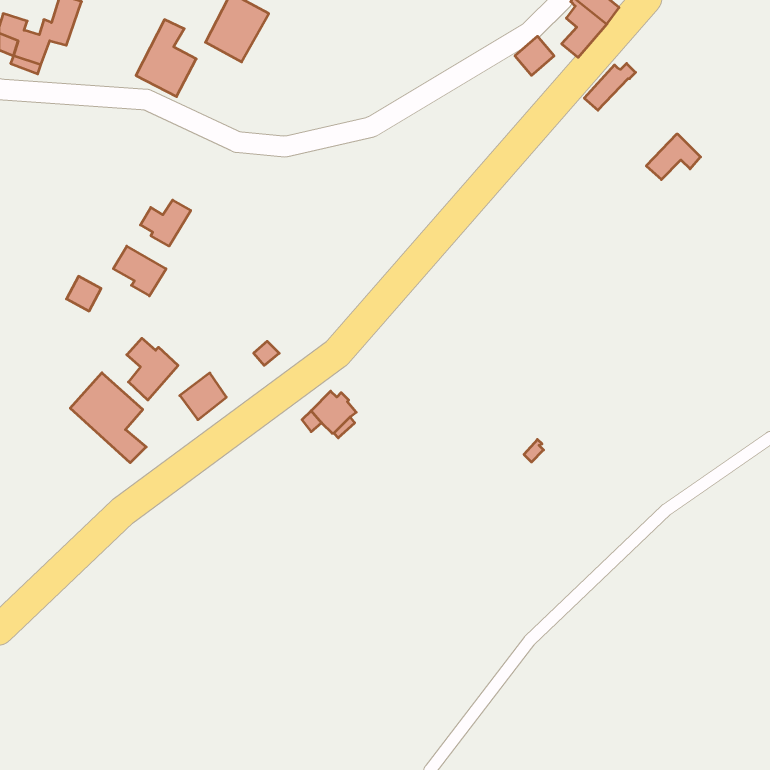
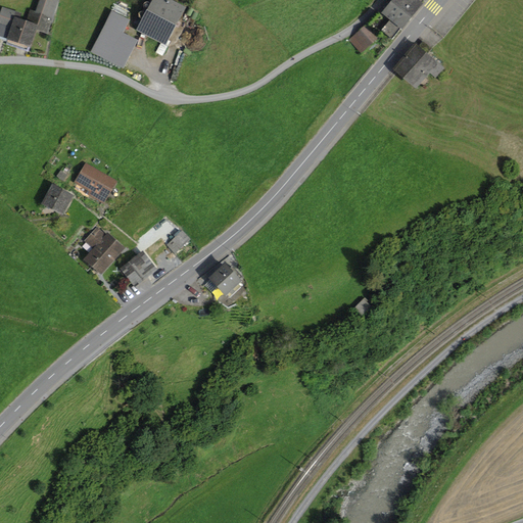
building: [646,134,701,180] -> [405,53,441,84]
building: [140,200,191,246] -> none
building: [70,373,146,463] -> none

